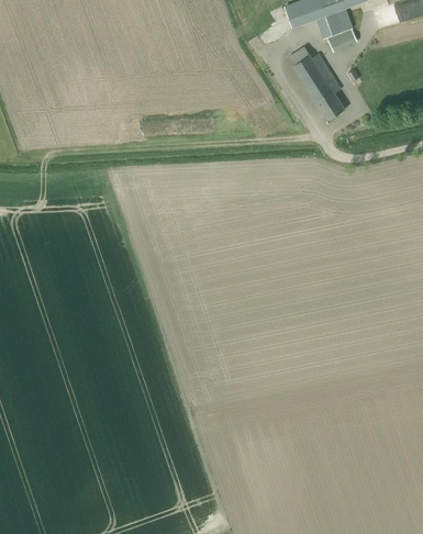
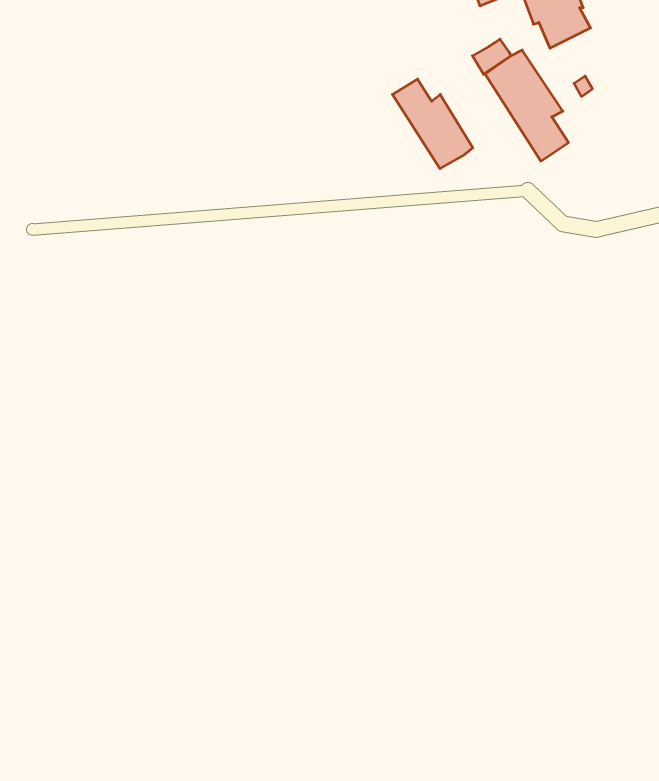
building: none -> [392,79,473,169]

